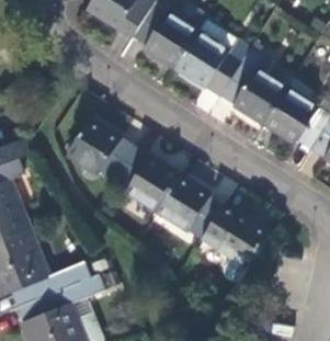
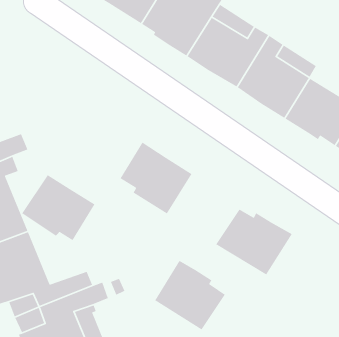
building: [66,118,134,180] -> [21,174,95,241]
building: [157,175,223,240] -> [154,260,226,331]

